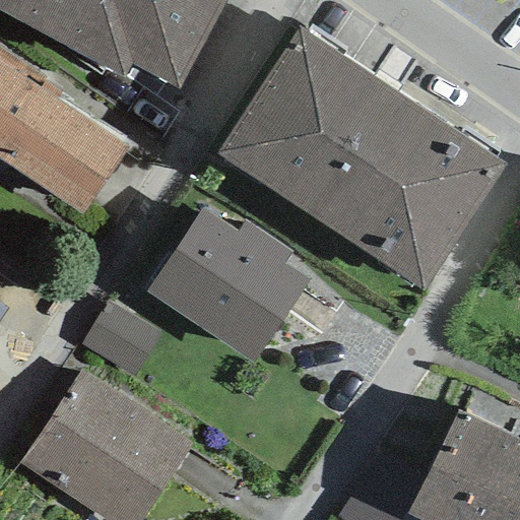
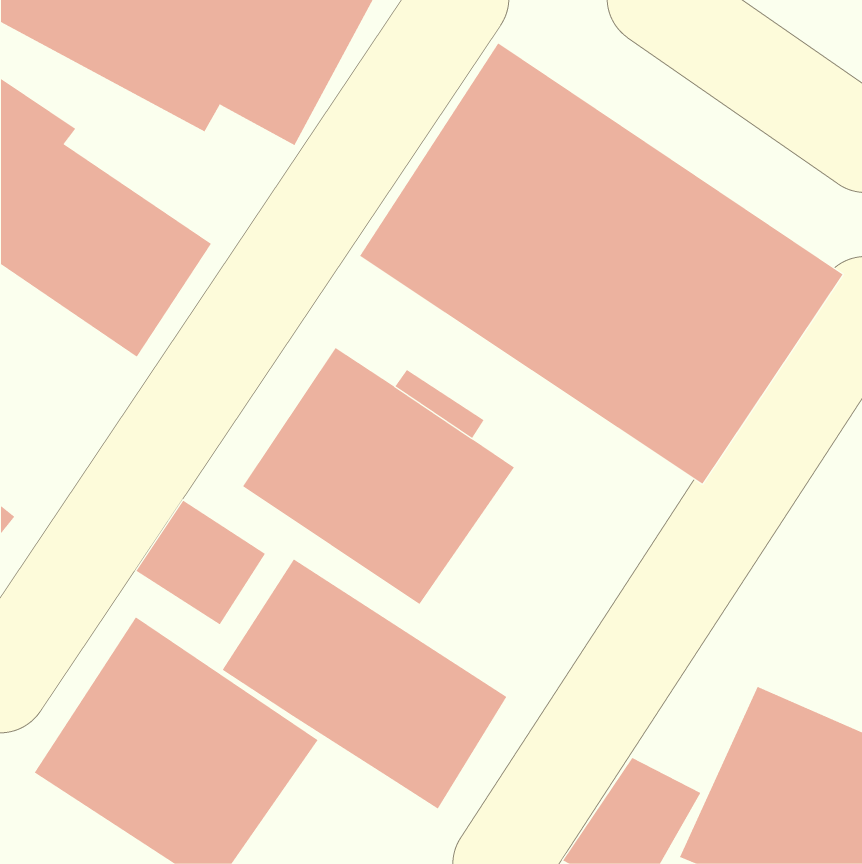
building: none -> [222,559,507,809]

